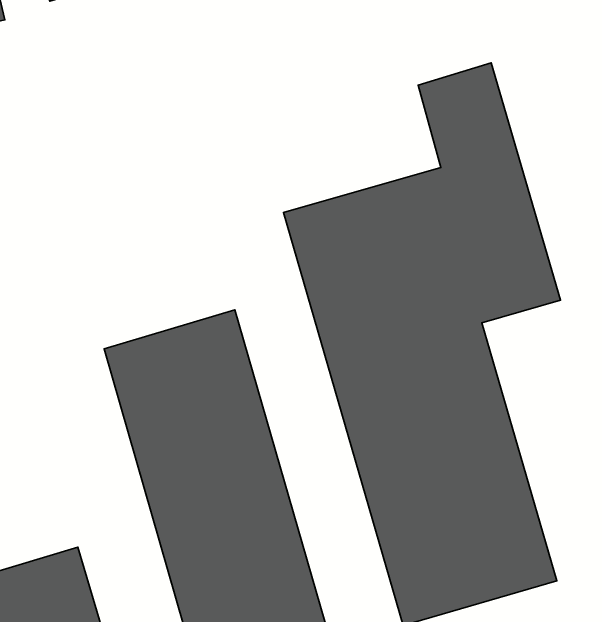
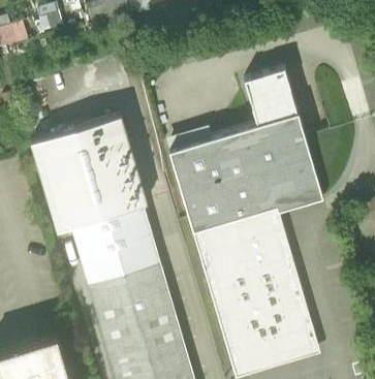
building: none -> [30,115,146,229]

